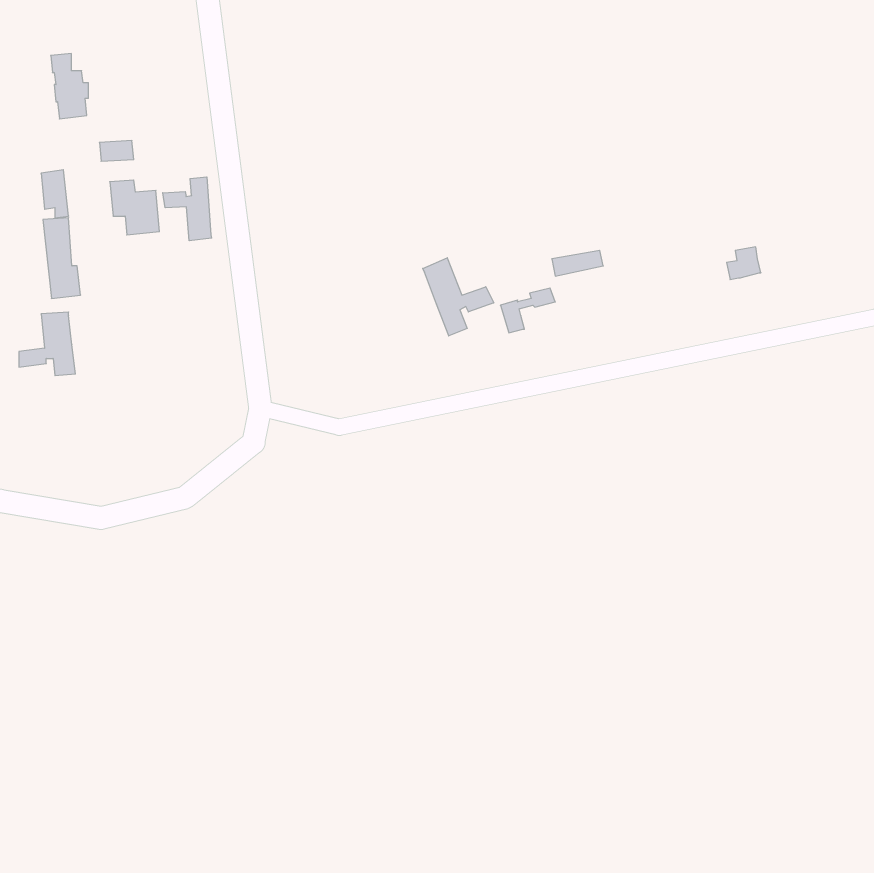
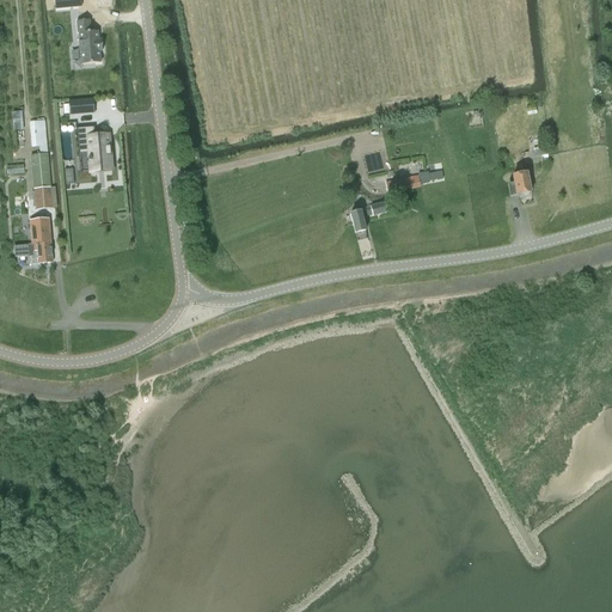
building: [51,54,88,119] -> [76,18,103,63]
building: [163,177,212,241] -> none
building: [423,258,494,336] -> none

